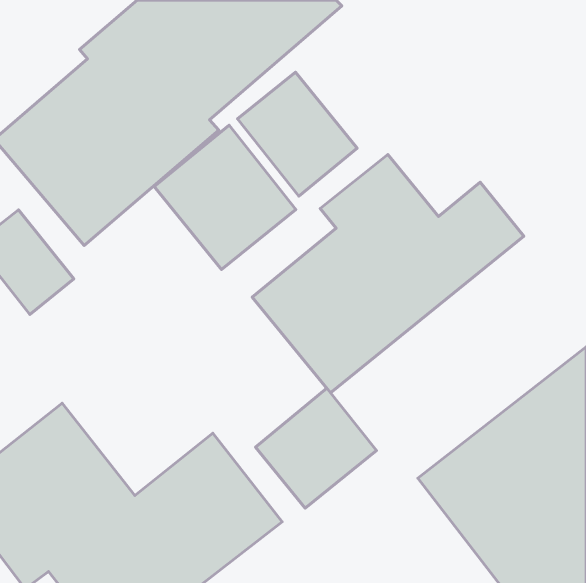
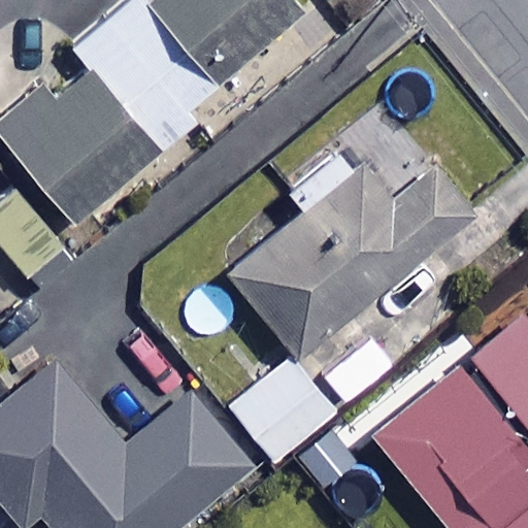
building: [237,72,357,196] -> none
building: [154,125,296,270] -> none

